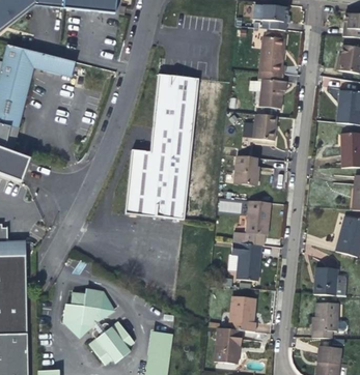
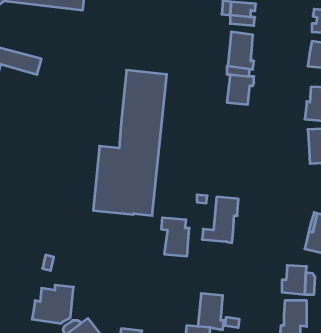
building: [253,114,278,141] -> none
building: [236,155,258,184] -> none
building: [233,242,261,281] -> [161,218,189,256]

